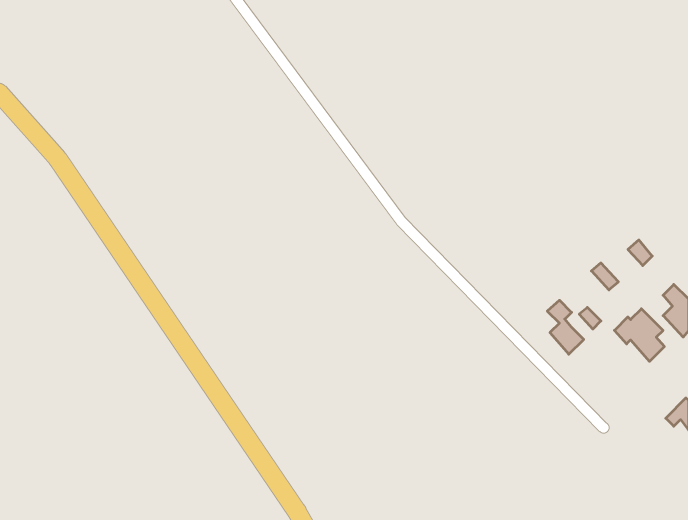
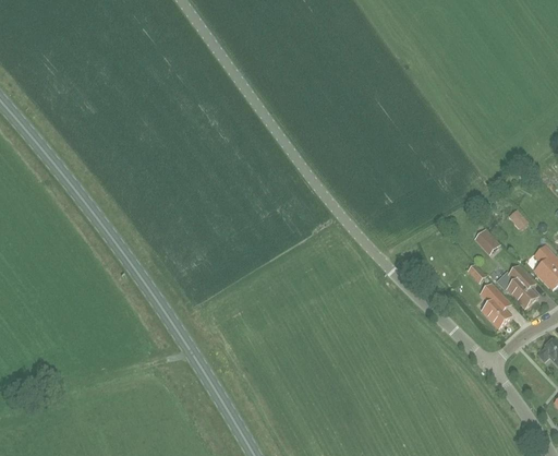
building: [547,300,584,354] -> [481,284,510,327]

